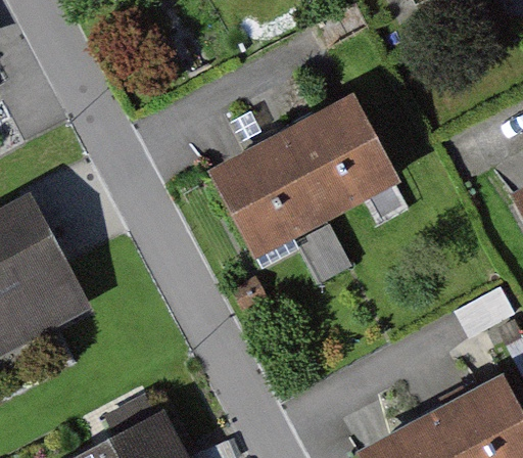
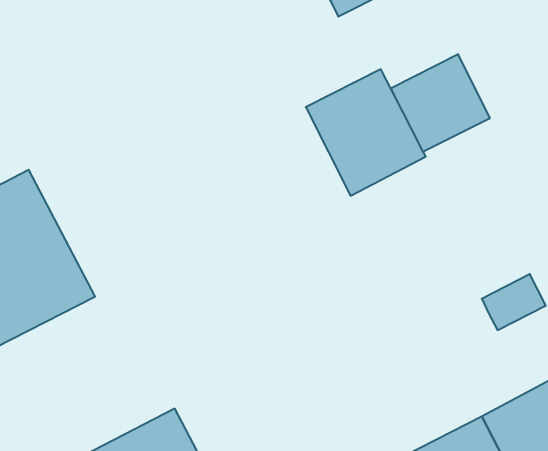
building: none -> [391,54,490,152]
building: [213,138,323,254] -> none

